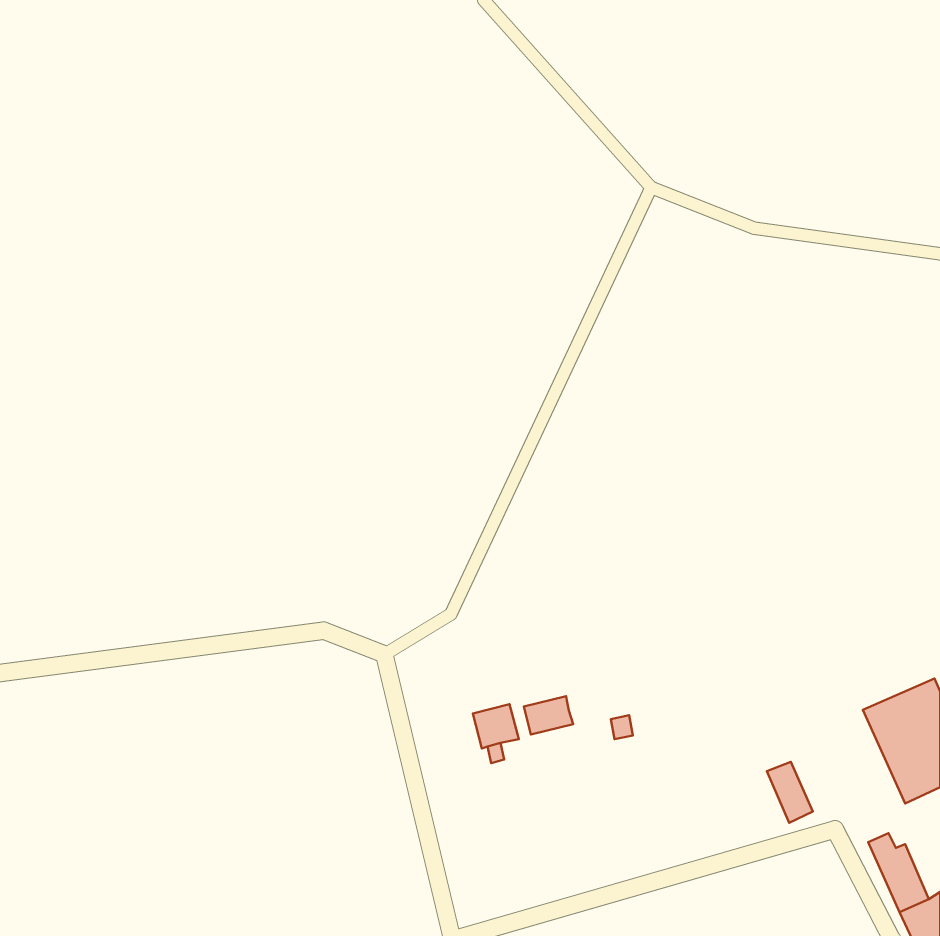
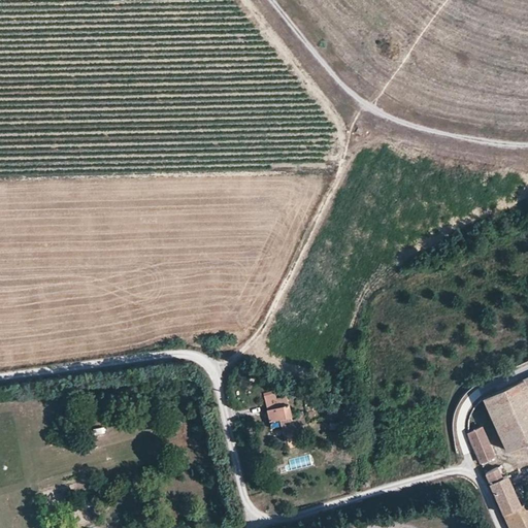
building: [524,696,573,735] -> none
building: [767,762,813,823] -> [468,429,494,463]

